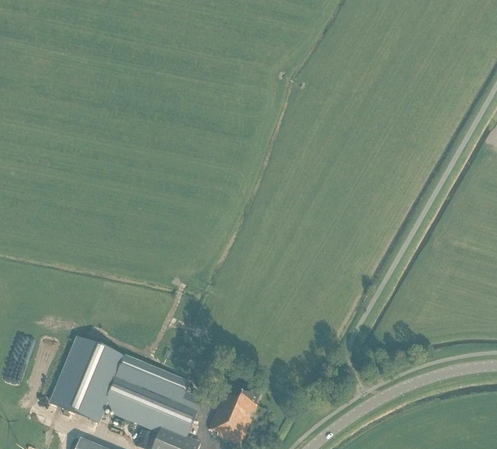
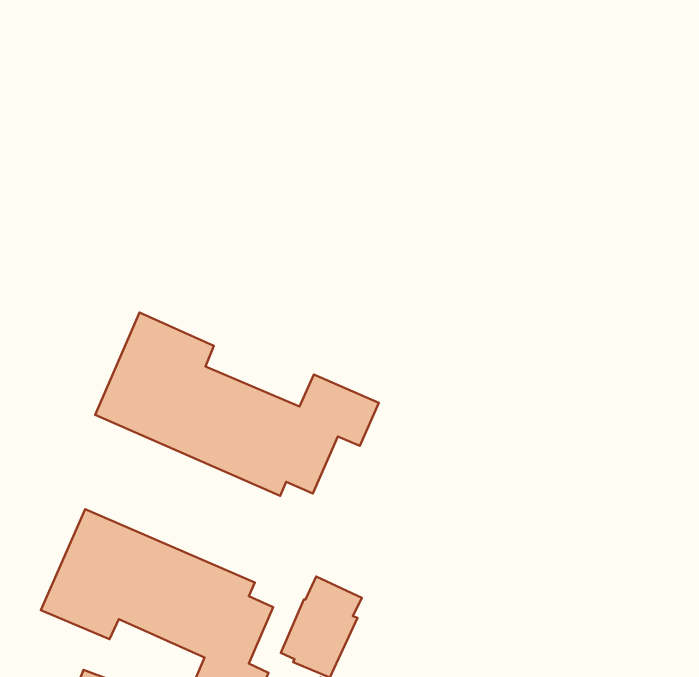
building: none -> [95,313,379,496]

